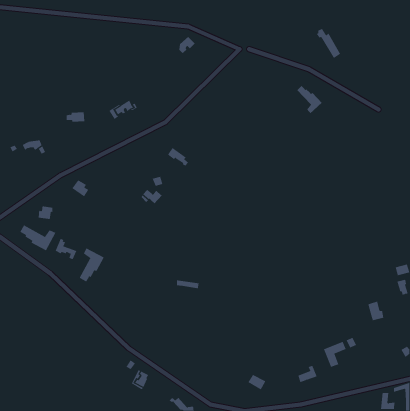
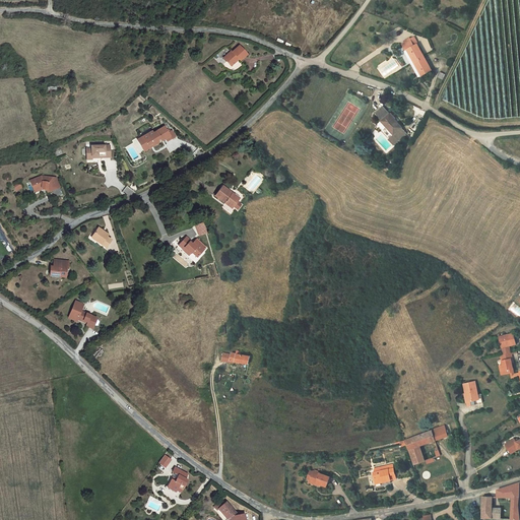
building: [19,225,56,251] -> none
building: [79,247,104,283] -> none

